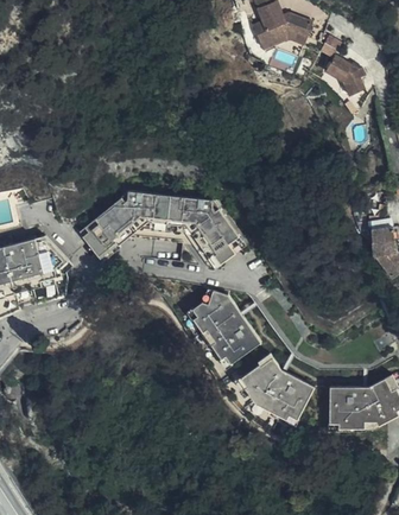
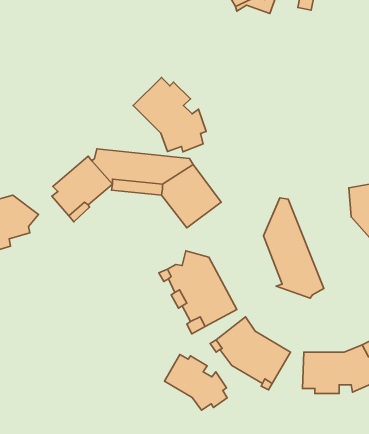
building: [325,56,363,96] -> none
building: none -> [133,77,206,152]
building: none -> [263,198,324,298]
building: none -> [165,354,227,410]

